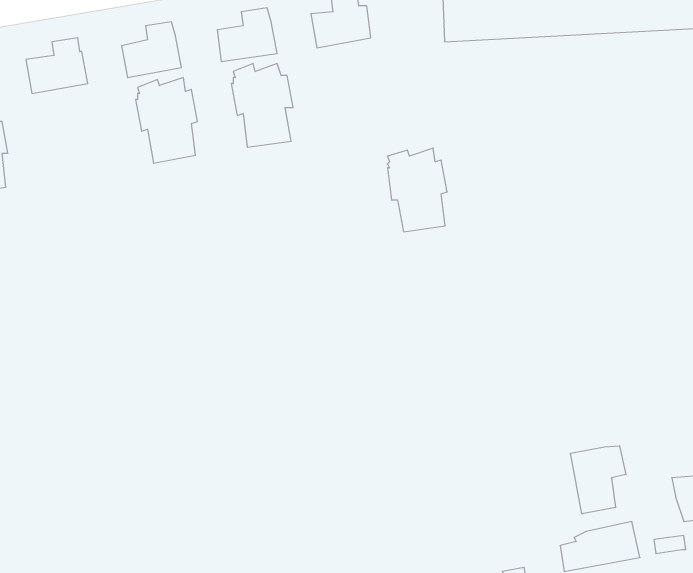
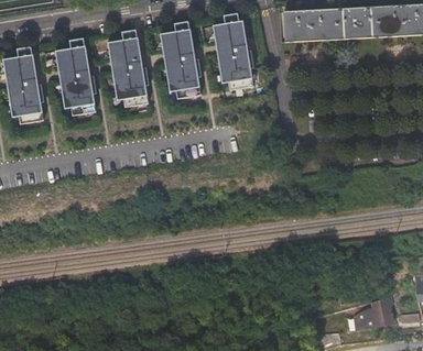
building: none -> [62,69,95,116]
building: [387,148,447,232] -> [219,44,252,90]
building: [571,446,626,514] -> none

